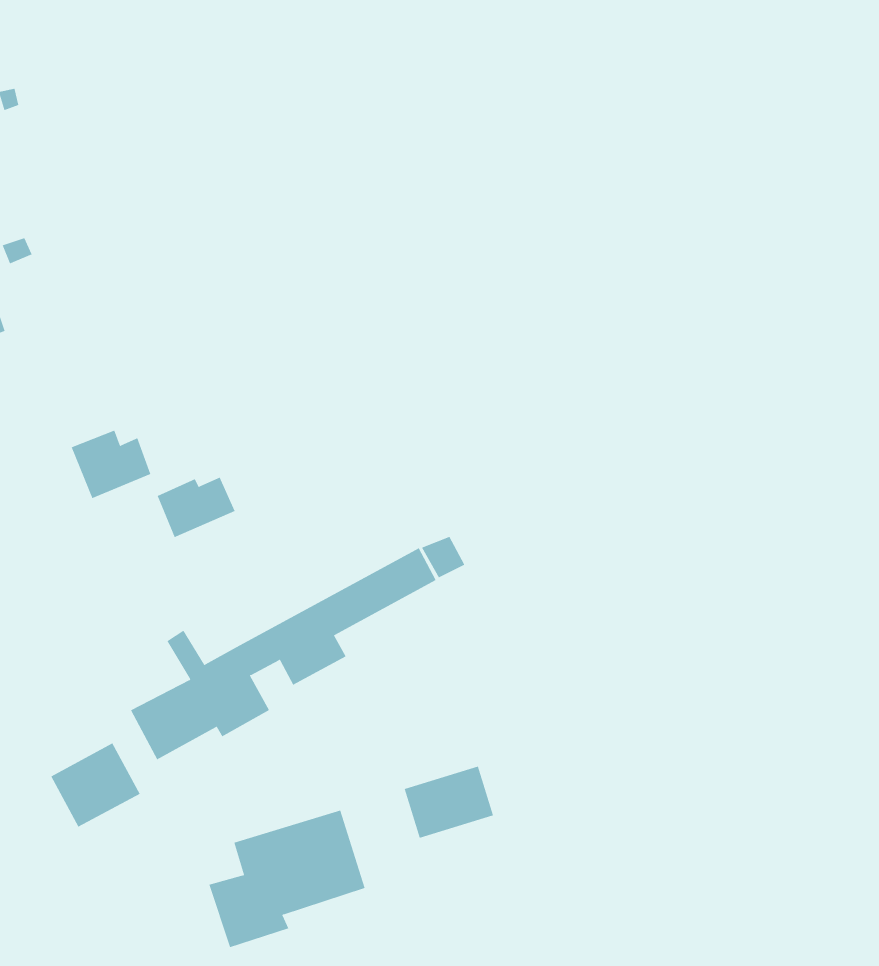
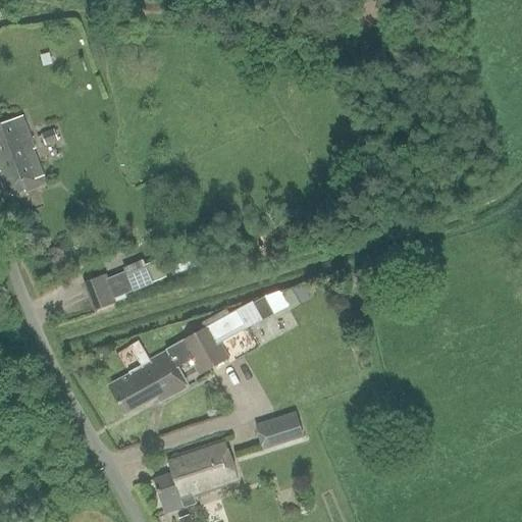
building: [71,430,151,499] -> [85,272,127,309]
building: [50,743,140,828] -> none

